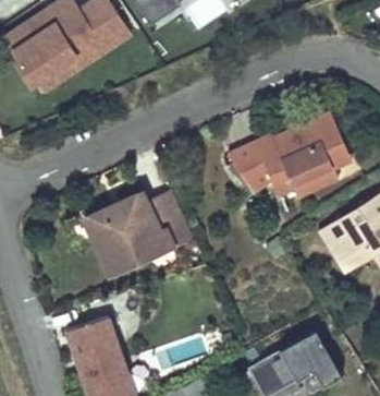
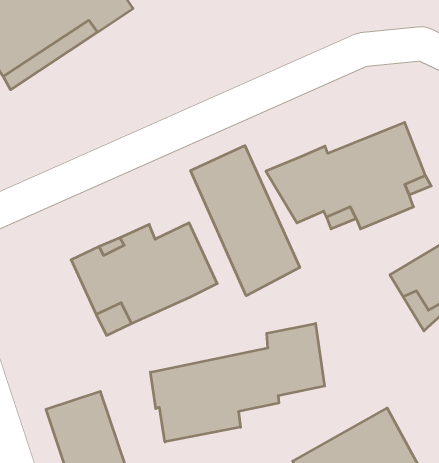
building: none -> [191,146,300,296]
building: none -> [150,323,325,442]

